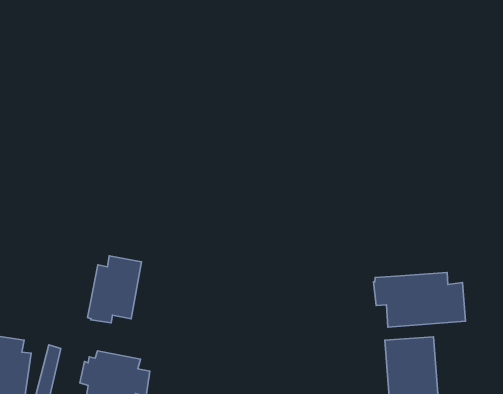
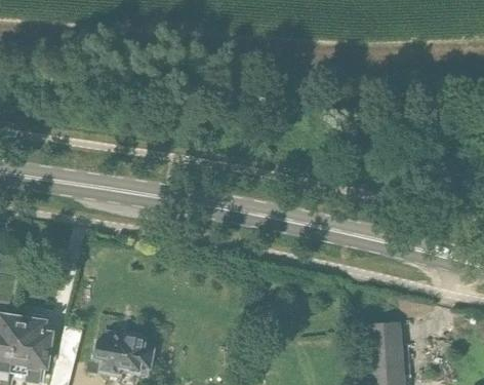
building: [88,256,142,323] -> none
building: [374,273,466,327] -> none

